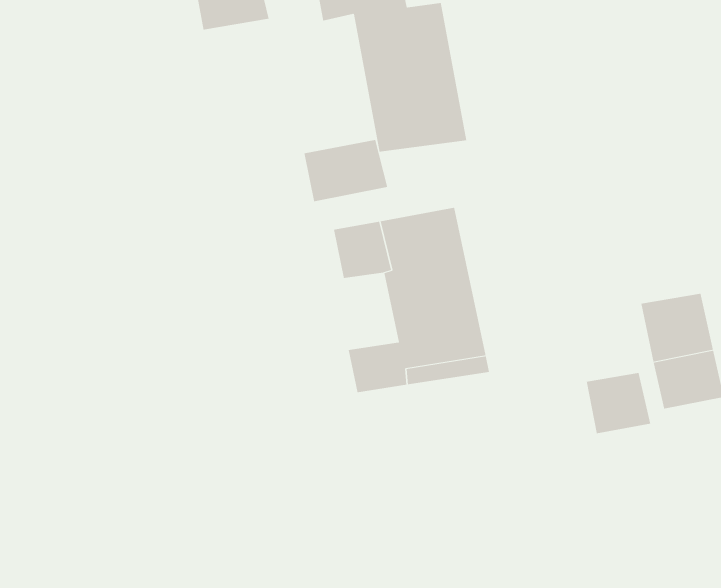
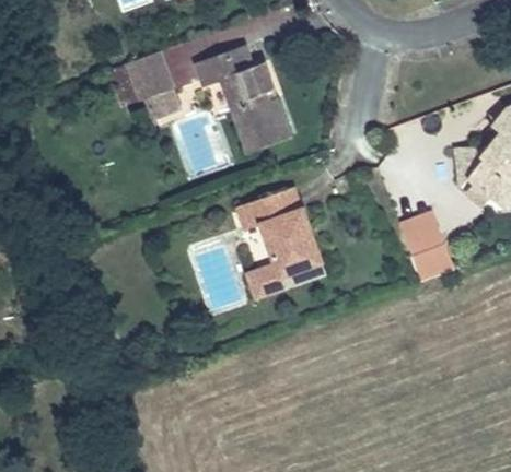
building: [304,139,388,202] -> none
building: [586,372,651,434] -> none

